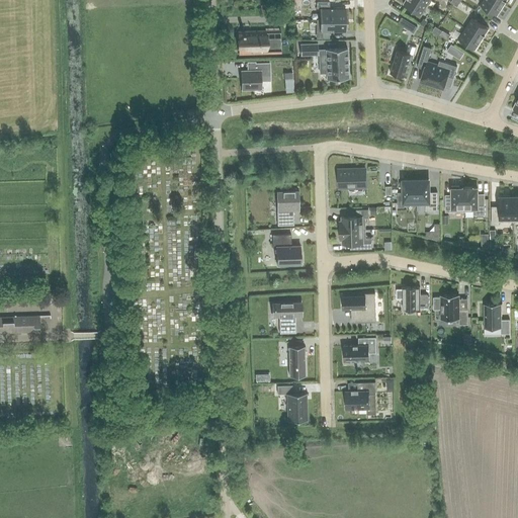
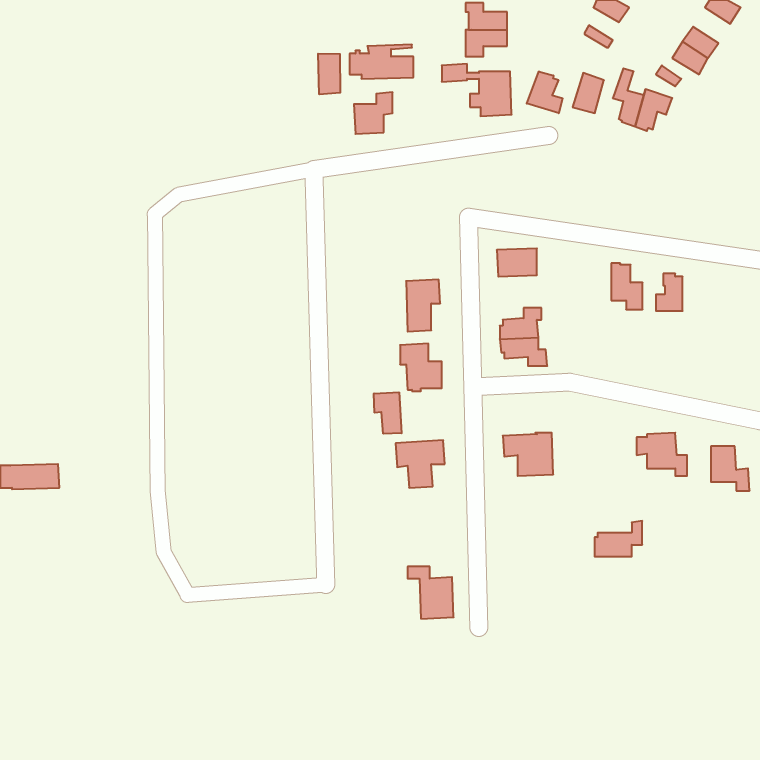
building: none -> [318,54,340,94]
building: none -> [527,71,563,113]
building: [398,179,416,207] -> none
building: [464,187,484,214] -> none
building: [493,195,513,225] -> none
building: none -> [374,392,402,434]
building: [402,286,428,312] -> none
building: [344,336,376,360] -> [595,521,642,557]
building: [287,346,305,376] -> none
building: [345,382,376,409] -> none

